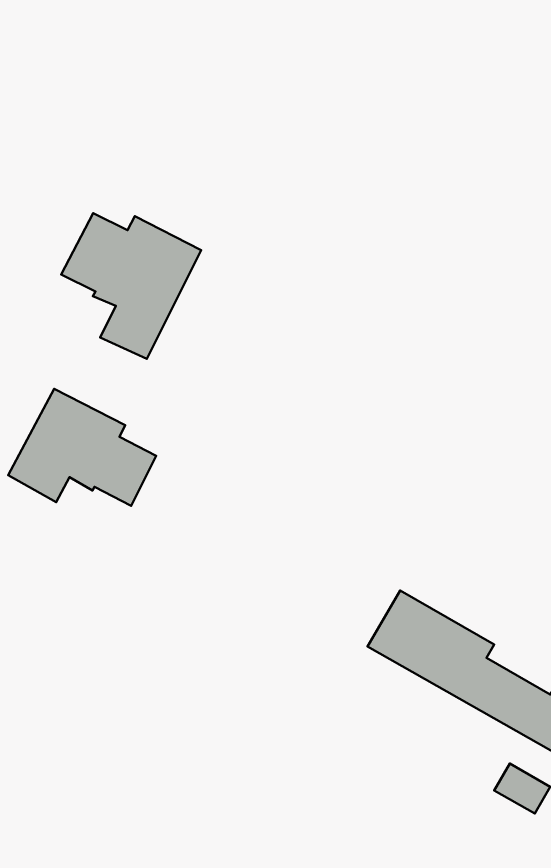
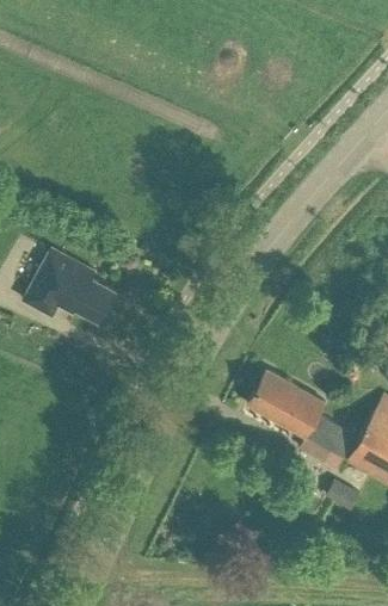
building: [61,213,201,359] -> none

